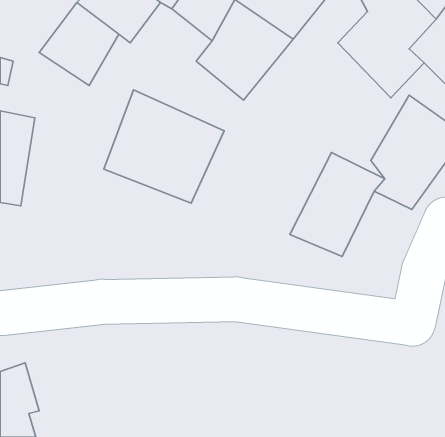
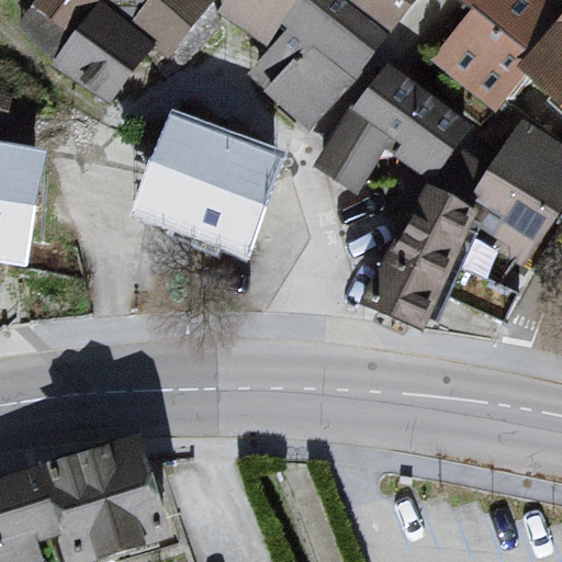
building: none -> [322,63,471,183]
building: none -> [49,440,172,546]

